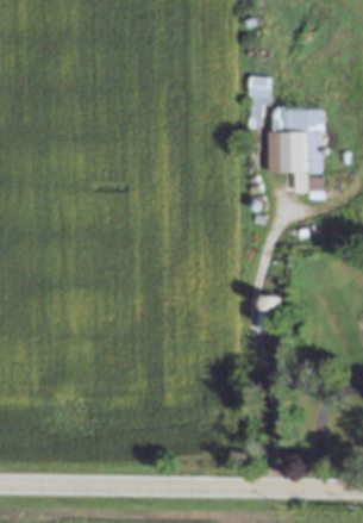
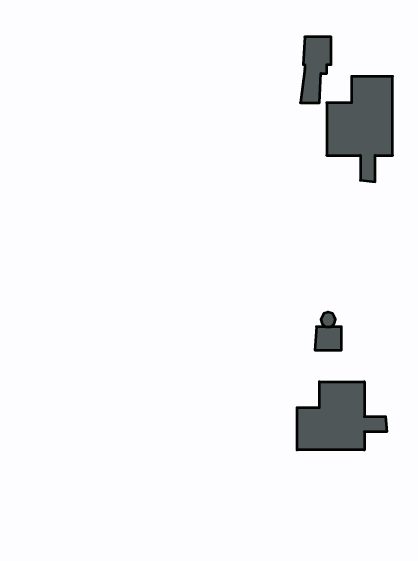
building: none -> [297,382,387,450]

